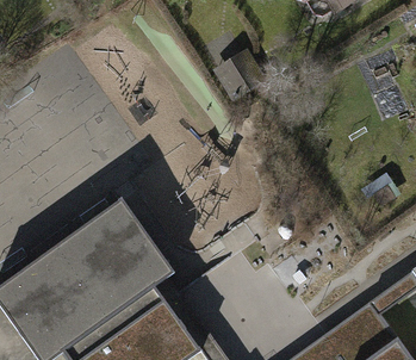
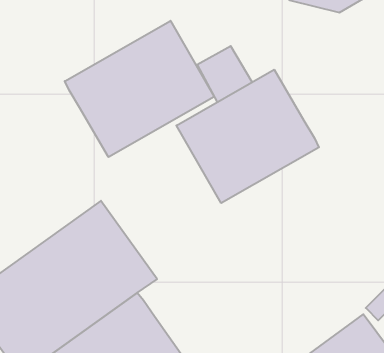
building: none -> [65,21,214,157]
building: none -> [176,70,319,203]

